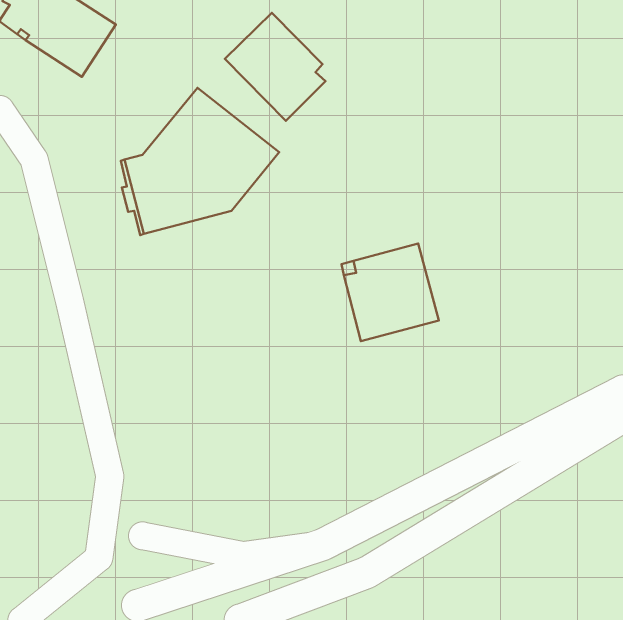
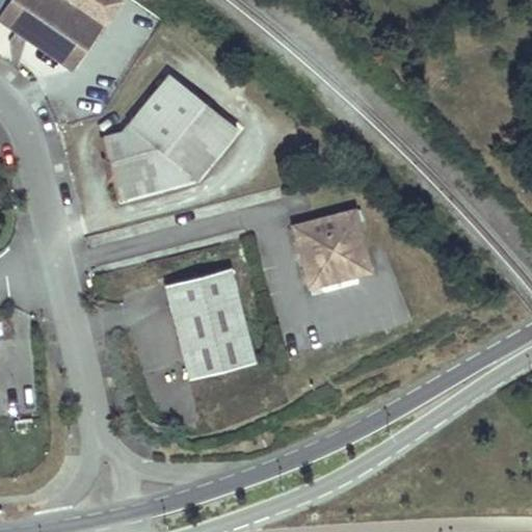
building: [225,13,325,121] -> none
building: none -> [165,268,257,380]

